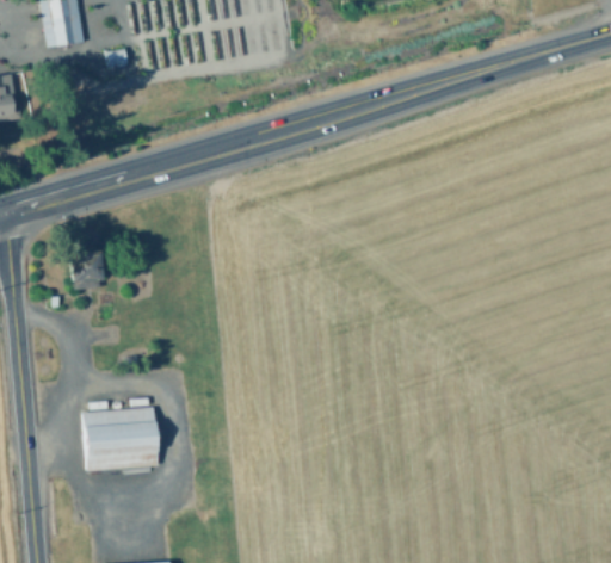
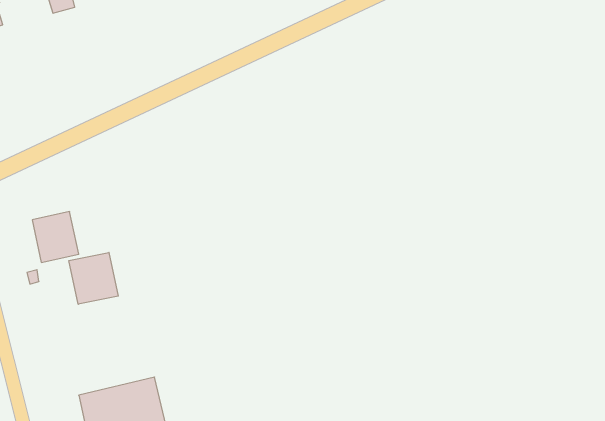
building: none -> [69,252,118,304]

